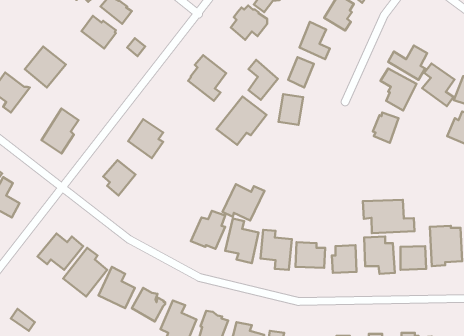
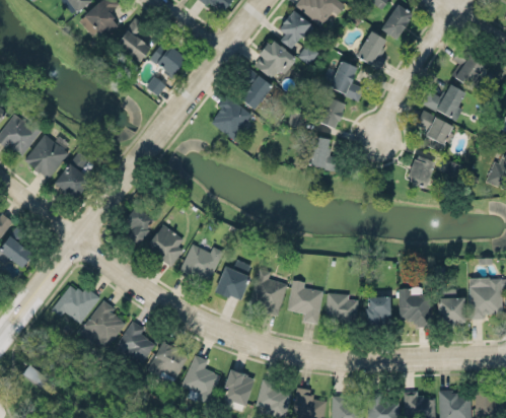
building: [81,16,116,48] -> [150,42,187,76]
building: [25,46,66,87] -> [25,133,69,177]
building: [248,60,278,100] -> [240,66,272,109]
building: [422,63,454,106] -> [450,48,485,93]
building: [217,97,267,145] -> none
building: [128,119,163,158] -> [146,224,184,266]
building: [222,184,264,221] -> [179,242,224,281]
building: [363,200,415,233] -> none

